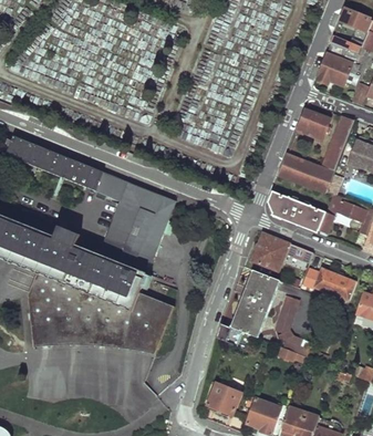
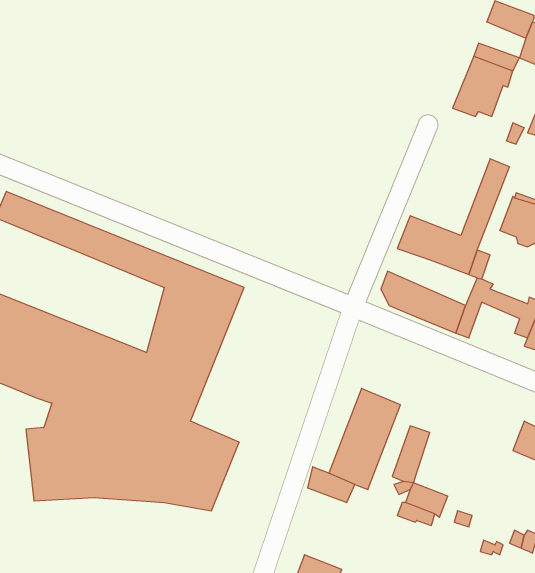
building: [297,107,331,137] -> none
building: [252,232,290,270] -> none
building: [302,266,358,301] -> none

